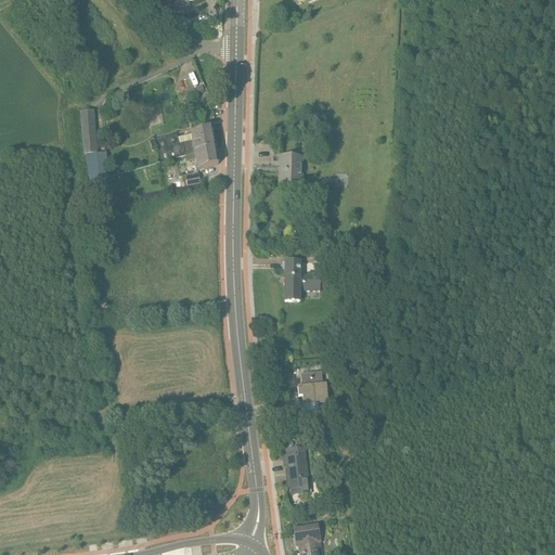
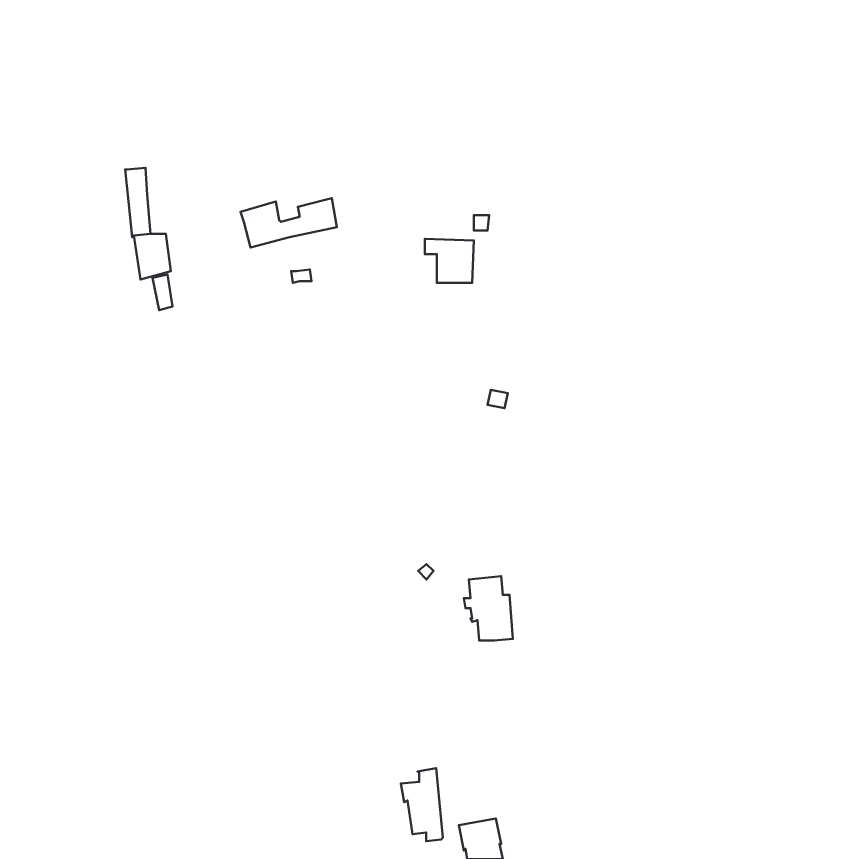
building: [185,145,218,167] -> none
building: [282,259,320,299] -> none
building: [283,444,310,491] -> [401,768,443,841]

